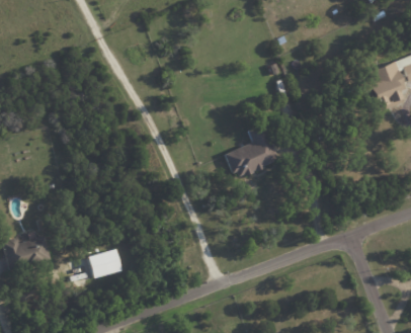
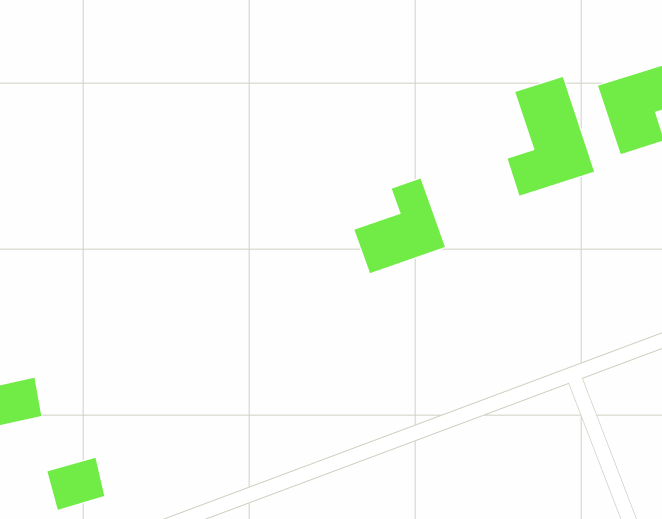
building: none -> [507,76,595,196]
building: [89,249,122,279] -> [46,457,105,510]

